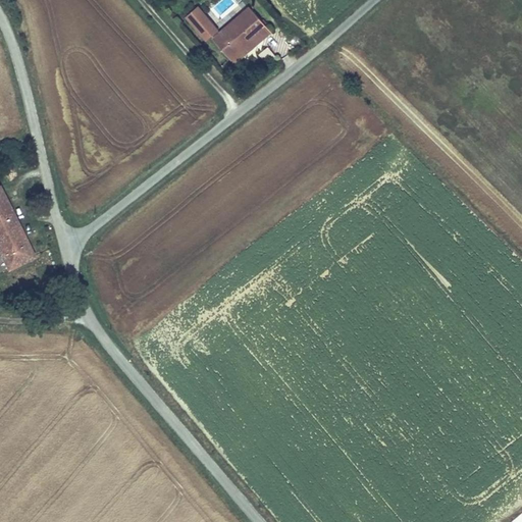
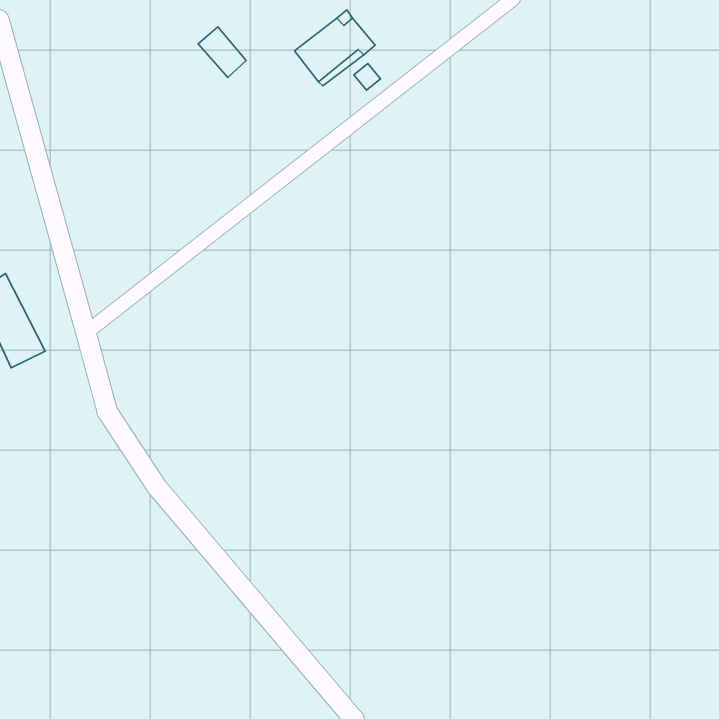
building: [182,5,217,42] -> [198,27,246,78]

